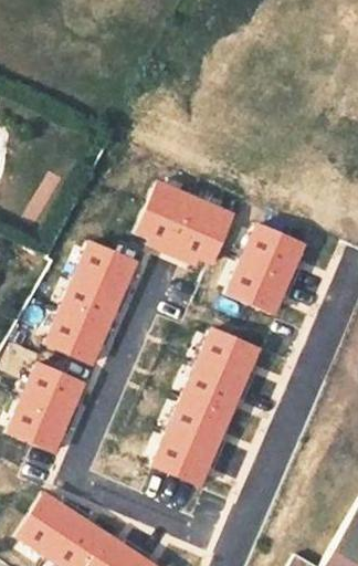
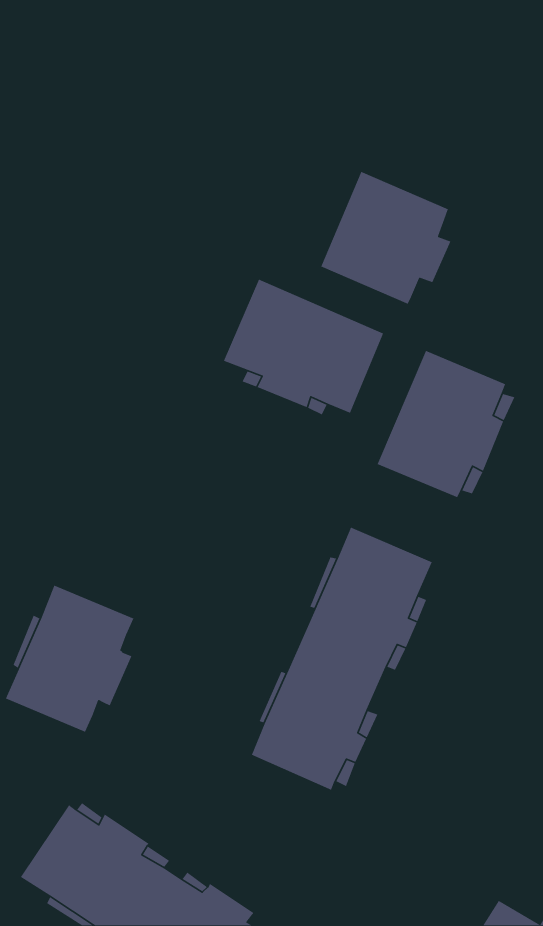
building: none -> [320,171,452,305]
building: [45,242,135,363] -> none

